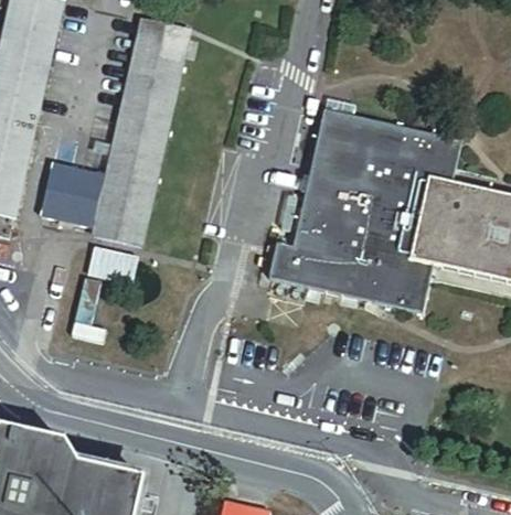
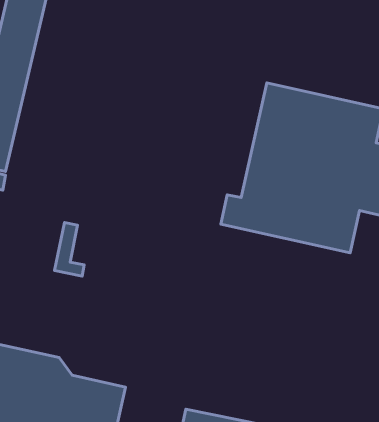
building: [40,19,188,247] -> none
building: [87,246,138,282] -> none

